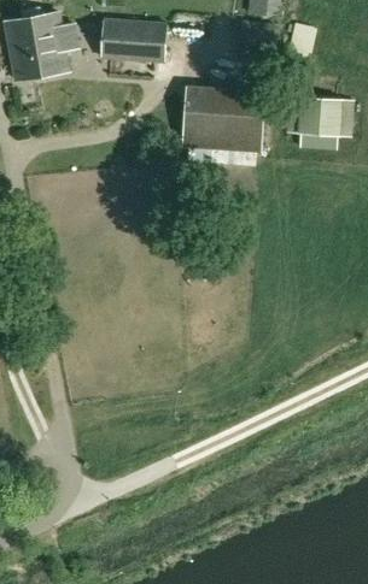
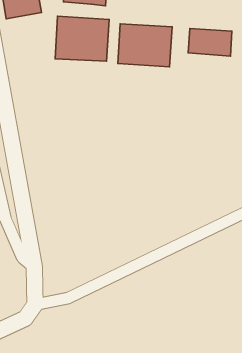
building: none -> [55,16,109,61]

